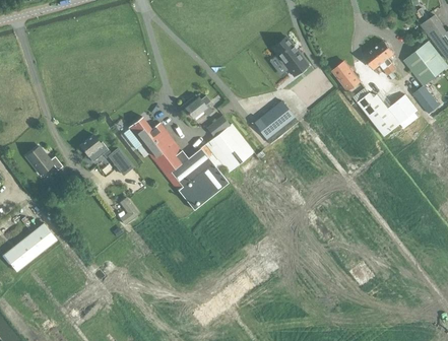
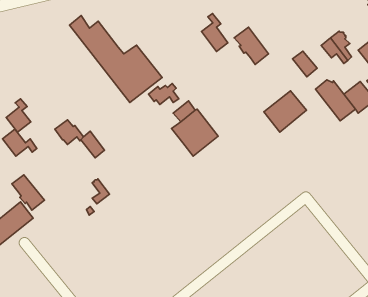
building: none -> [202,14,228,52]
building: [253,100,299,144] -> [264,91,307,132]
building: none -> [6,99,31,132]
building: [130,117,229,209] -> [70,16,162,102]
building: none -> [12,175,44,210]

